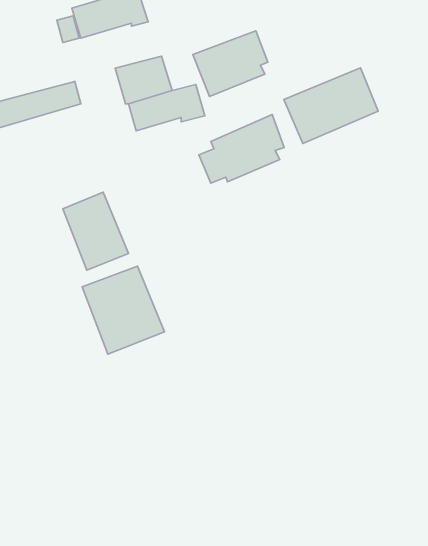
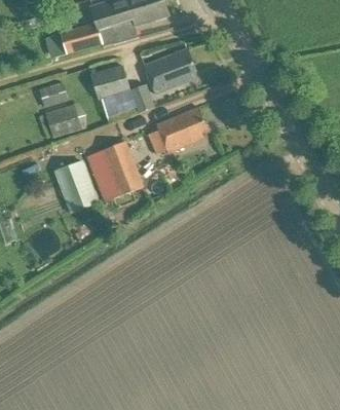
building: [284,68,378,144] -> none
building: none -> [45,102,86,141]
building: [82,266,165,354] -> [86,141,143,201]

